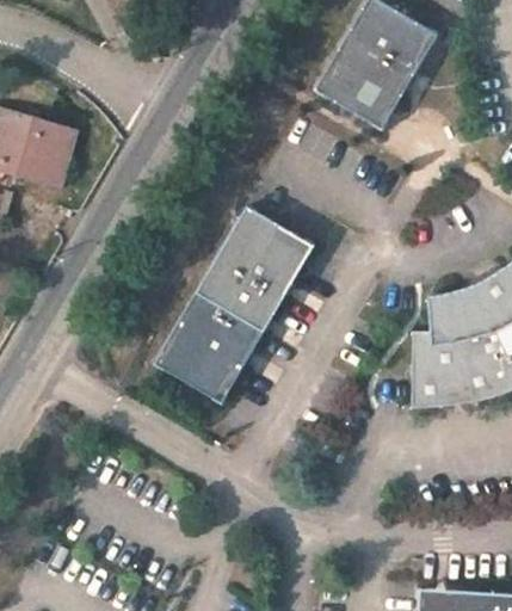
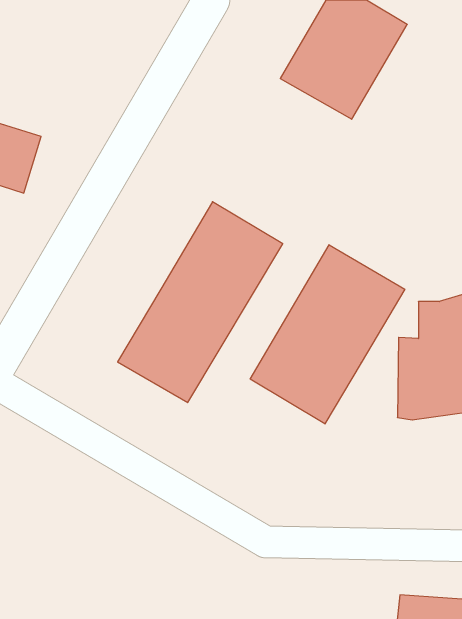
building: none -> [250,245,405,424]

